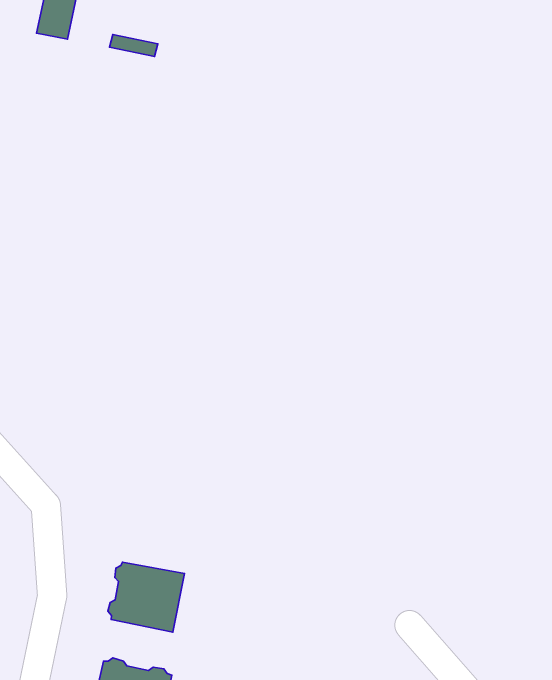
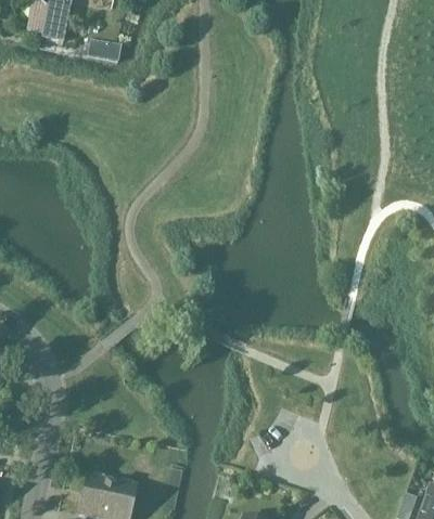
building: [108,562,184,632] -> none

